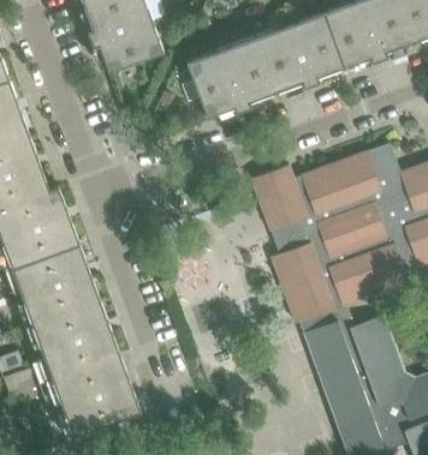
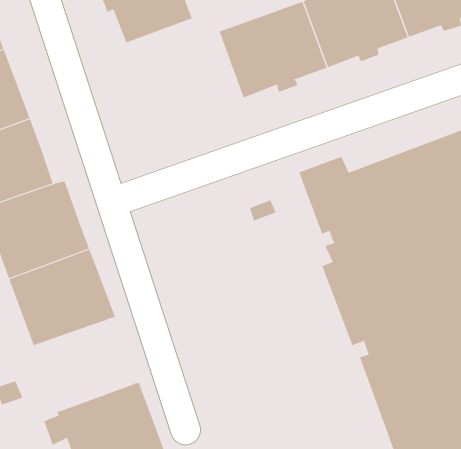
building: [31,300,119,379] -> none

